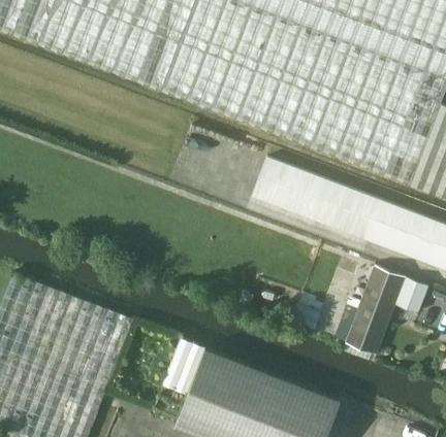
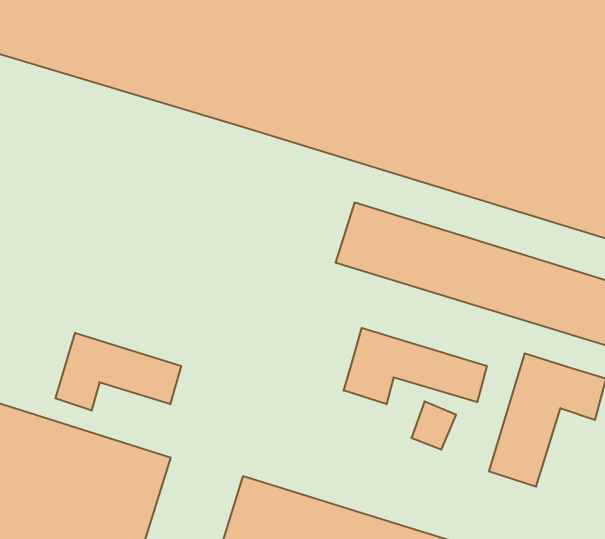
building: none -> [55,333,181,411]
building: none -> [344,328,487,404]

